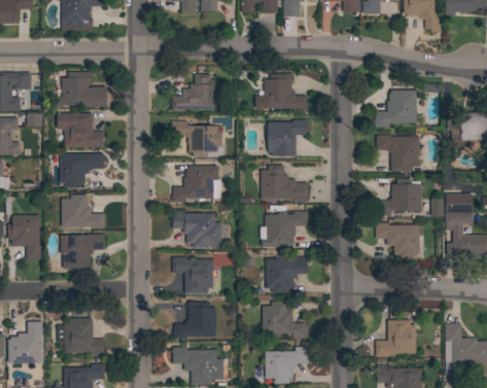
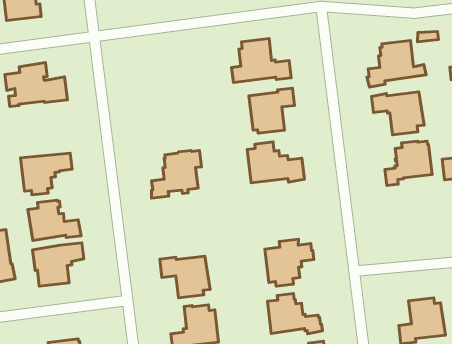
building: [172,75,218,112] -> none
building: [57,113,104,147] -> none
building: [172,121,222,157] -> none
building: [172,212,221,248] -> none
building: [259,212,308,247] -> none
building: [375,223,419,259] -> none

